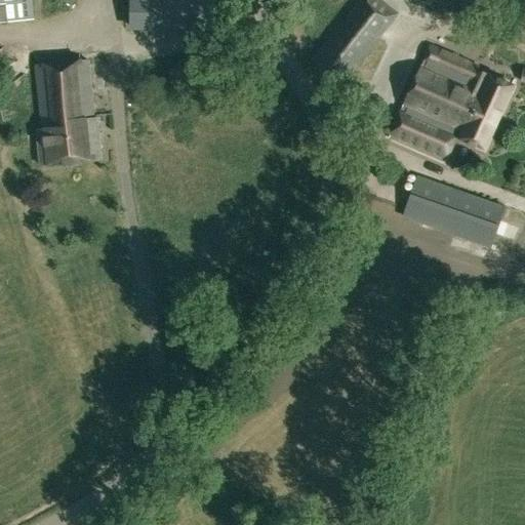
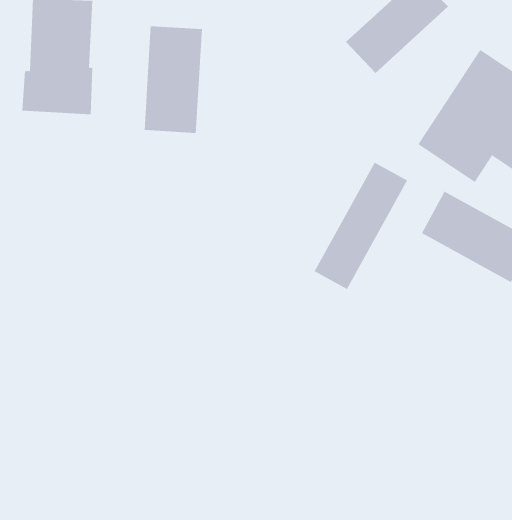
building: none -> [144,25,202,134]
building: none -> [314,162,408,290]

